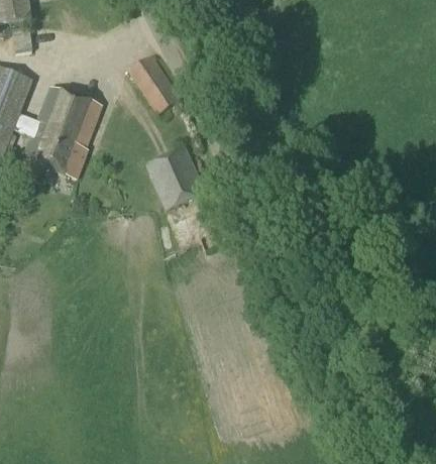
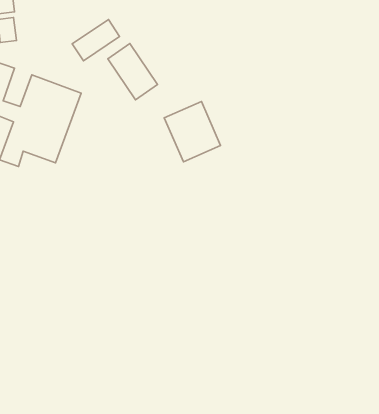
building: none -> [72,19,120,61]
building: [147,145,207,209] -> [164,102,221,162]

